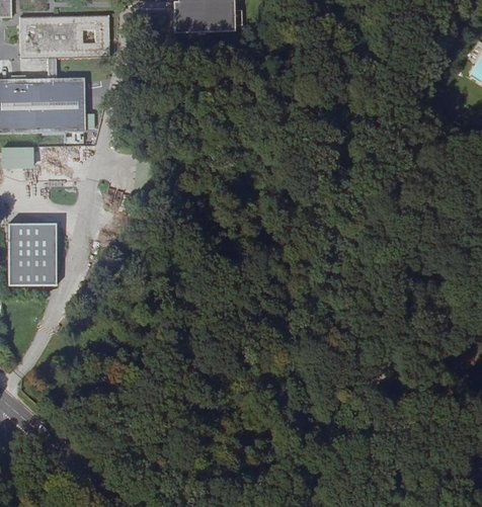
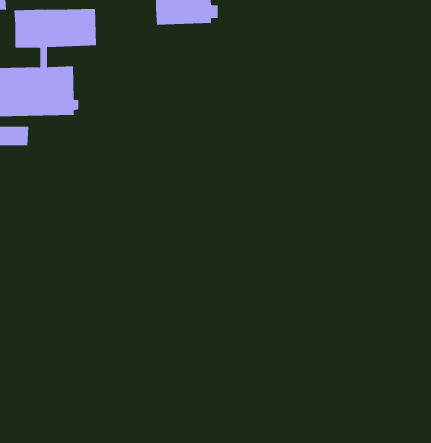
building: [9,220,56,281] -> none

